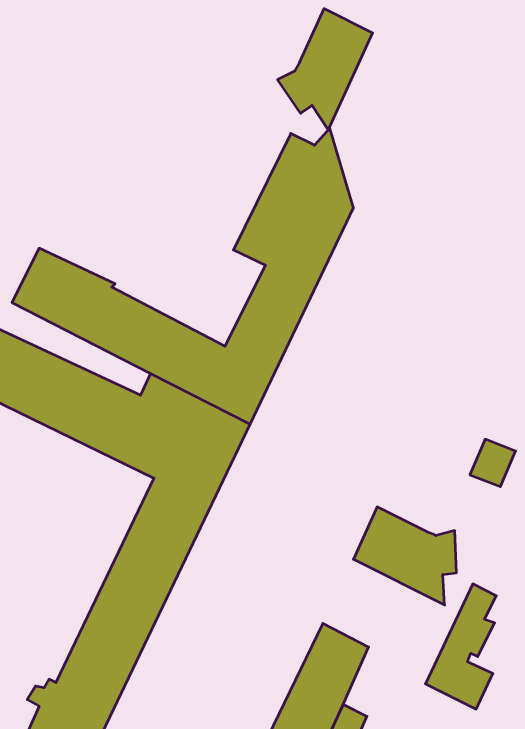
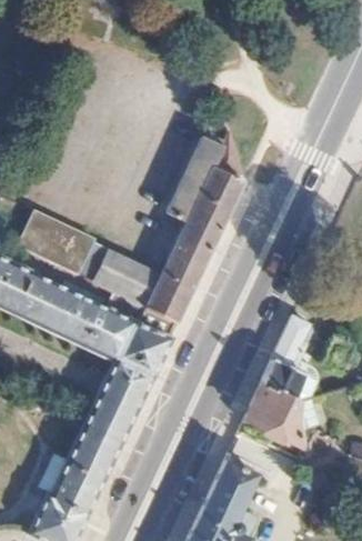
building: [278,9,373,130] -> none
building: [425,584,496,709] -> [259,314,305,397]

